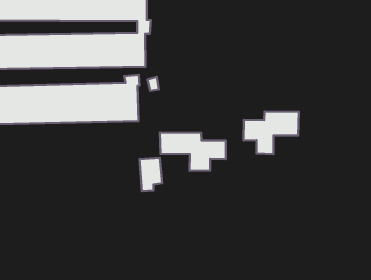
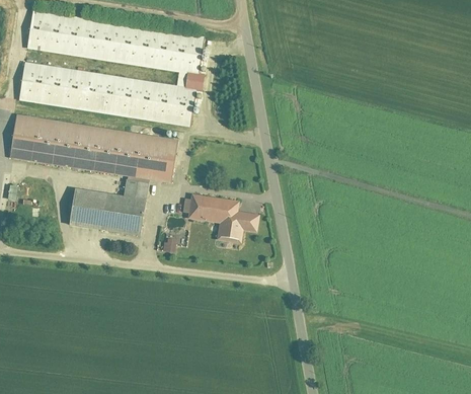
building: [243,111,299,154] -> none
building: none -> [71,181,146,231]

